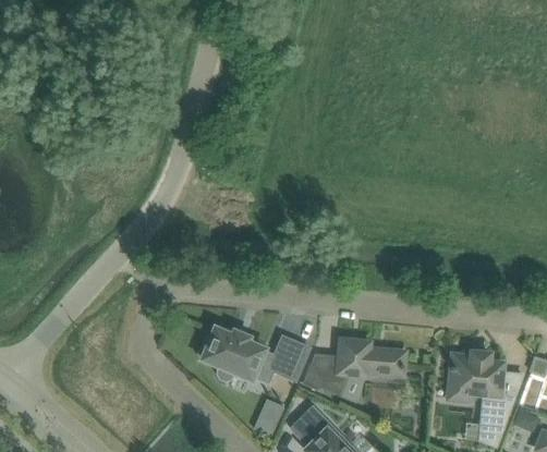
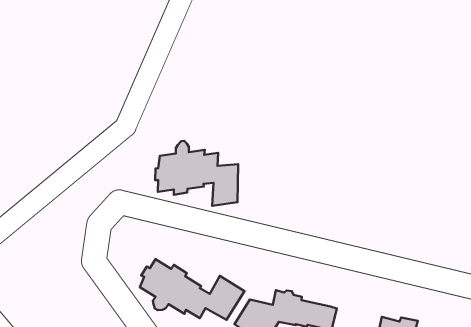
building: none -> [155,141,238,206]

